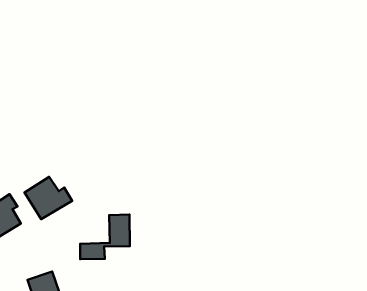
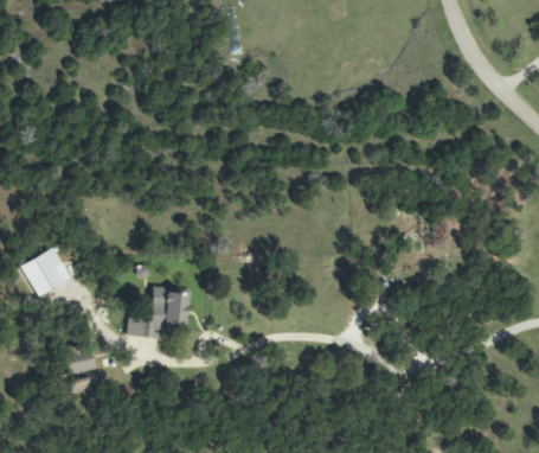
building: [25,177,72,219] -> none

